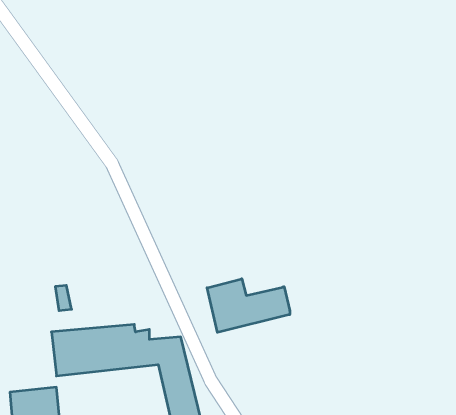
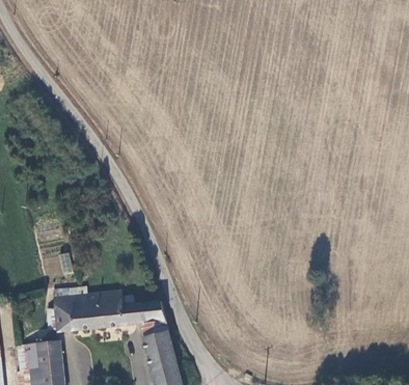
building: [207,279,290,332] -> none

